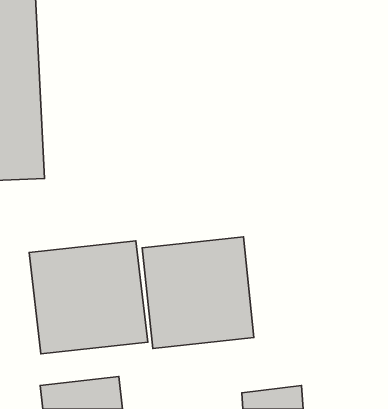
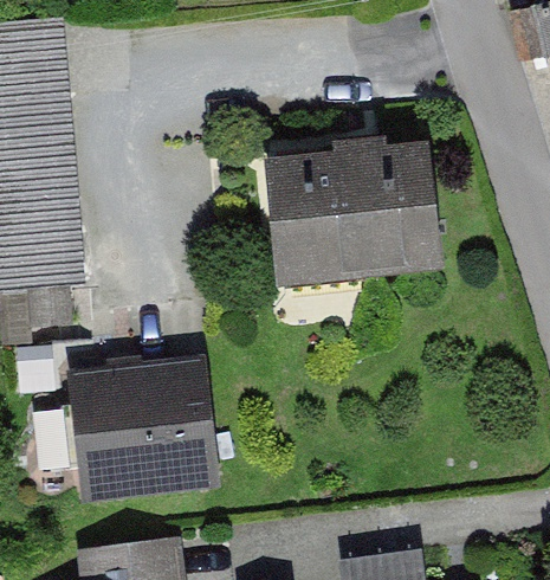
building: none -> [259,141,440,283]
building: [142,237,254,349] -> none

